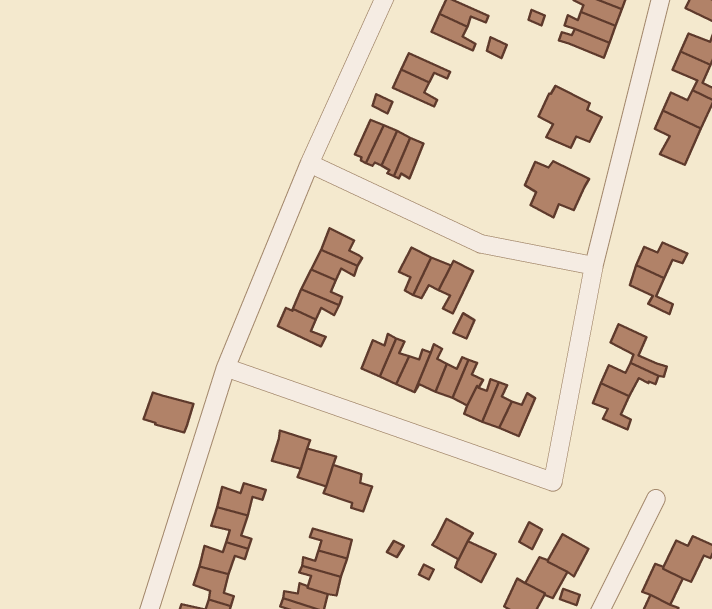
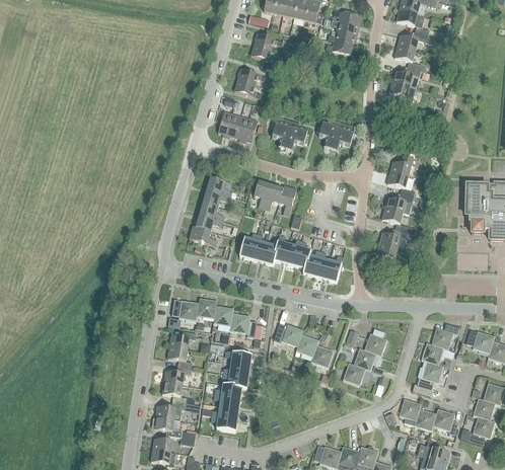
building: [539,86,602,148] -> [272,116,308,151]
building: none -> [384,193,413,215]
building: [144,392,194,432] -> [171,300,199,320]
building: none -> [273,323,303,346]

